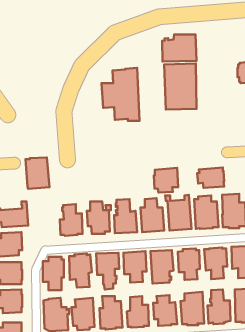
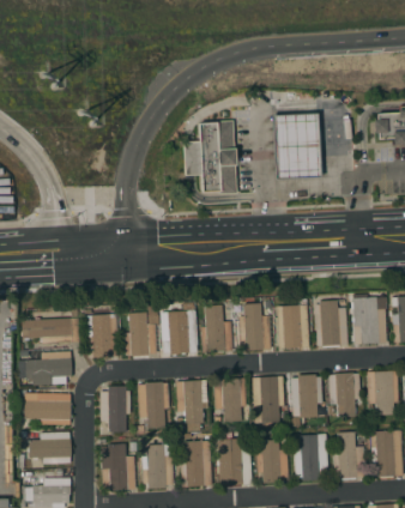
building: [162,34,196,62] -> none
building: [26,157,49,189] -> [86,314,120,358]
building: [197,168,224,188] -> none
building: [154,168,178,192] -> none

